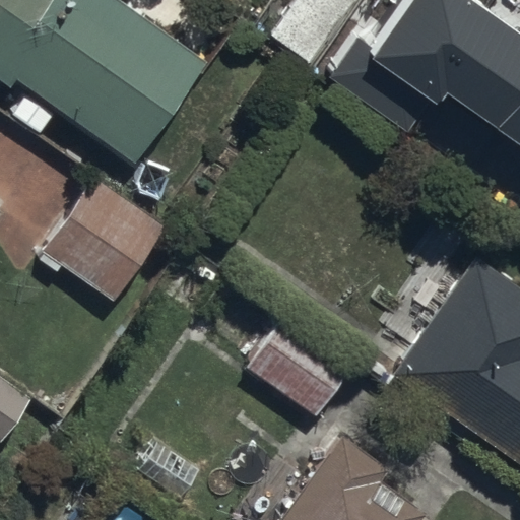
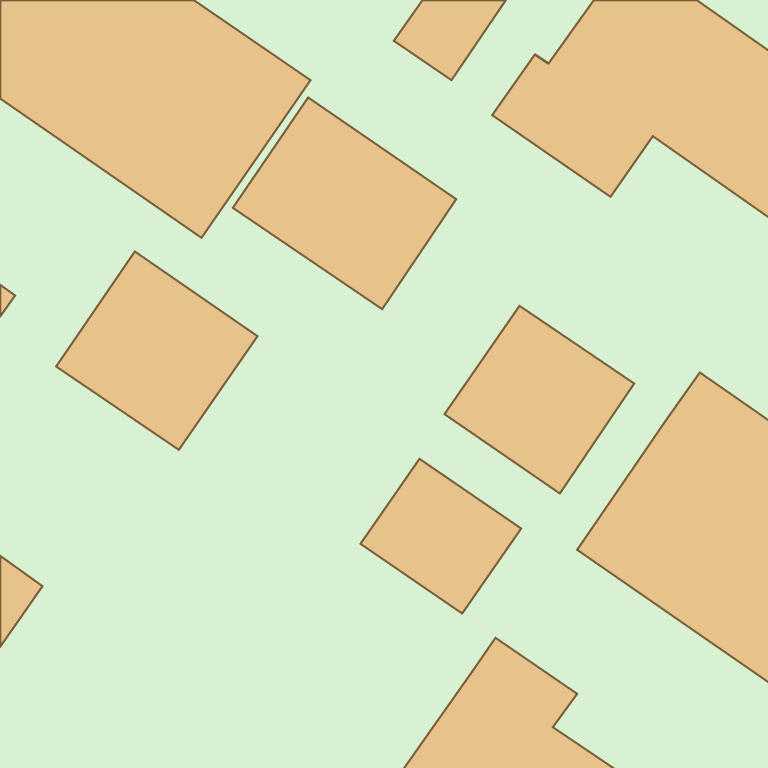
building: none -> [233,98,456,309]
building: none -> [445,306,634,493]

